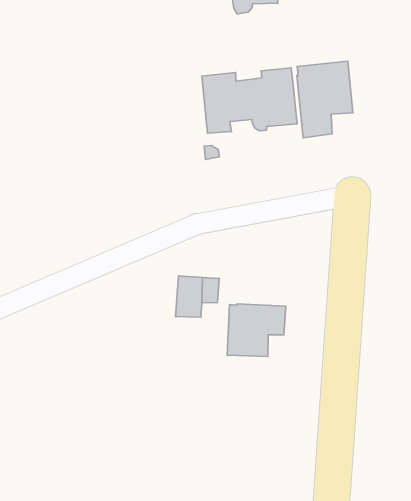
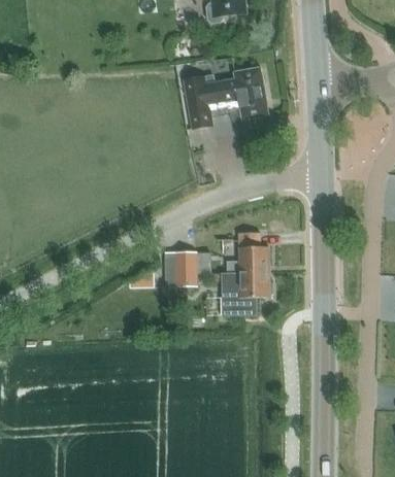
building: [297,61,353,138] -> none
building: none -> [226,232,268,272]

